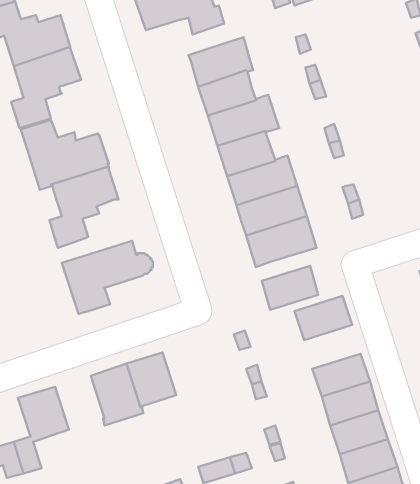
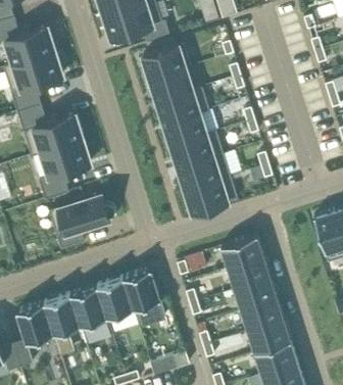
building: [262,266,318,310] -> [229,258,271,291]
building: none -> [124,271,165,326]
building: none -> [44,296,81,336]

